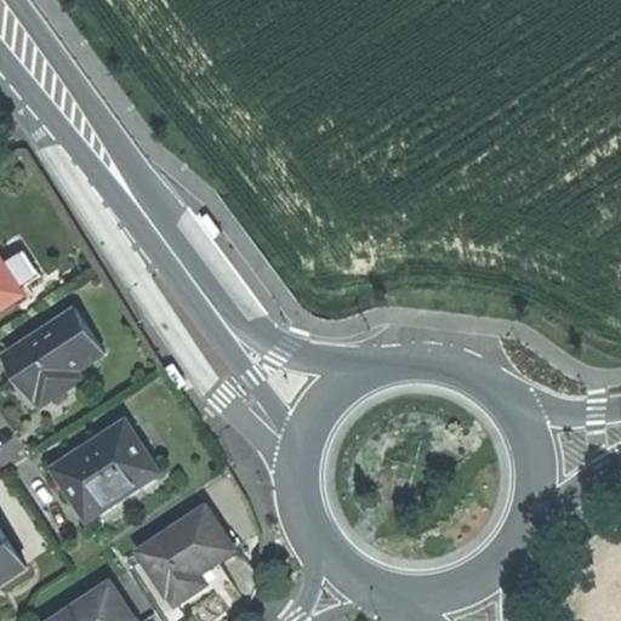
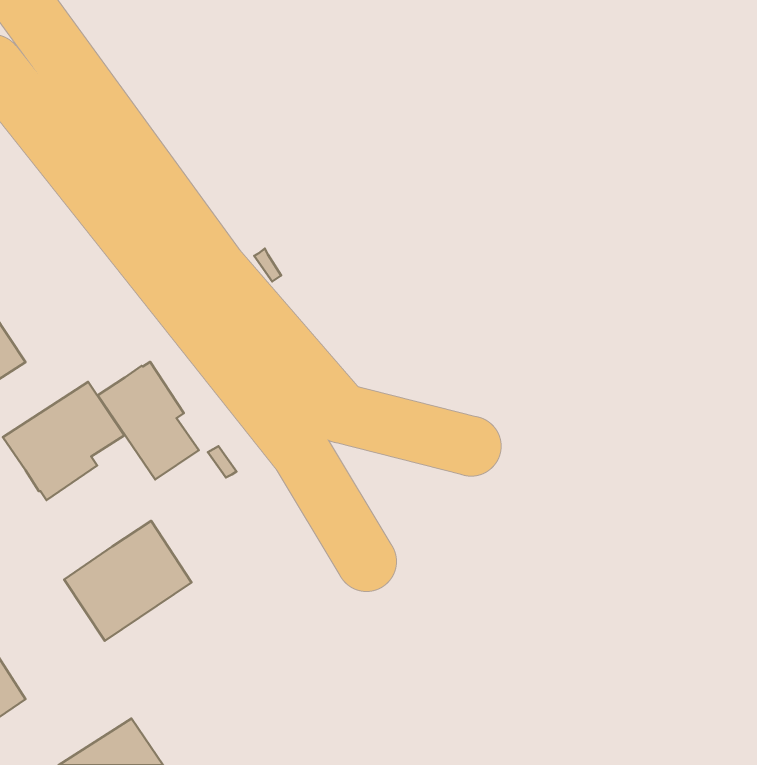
building: none -> [98,362,199,479]
building: [136,507,233,604] -> none

